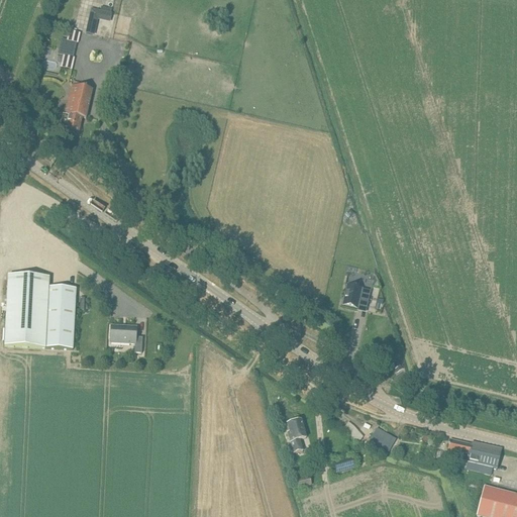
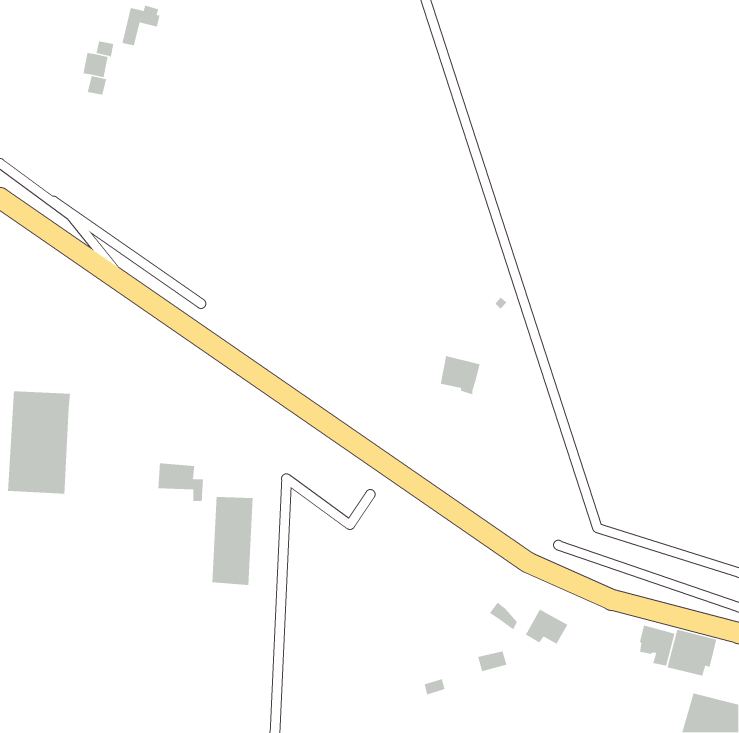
building: [66,79,93,132] -> none
building: [342,283,371,311] -> [440,355,480,396]
building: [45,285,75,347] -> [211,496,253,586]
building: [287,418,306,451] -> none

